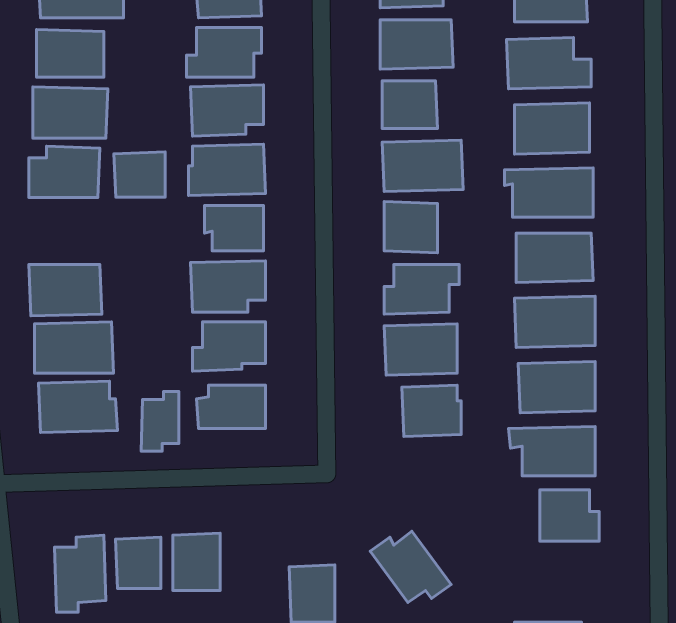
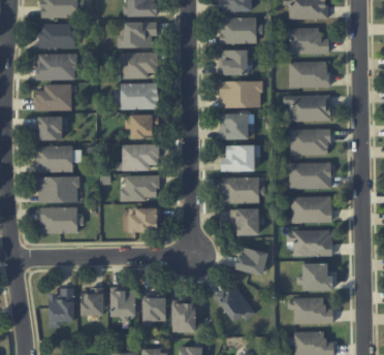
building: [114,152,165,197] -> [36,116,63,139]
building: [141,392,179,451] -> none
building: none -> [235,246,268,276]
building: none -> [142,295,166,327]
building: none -> [288,298,333,323]

